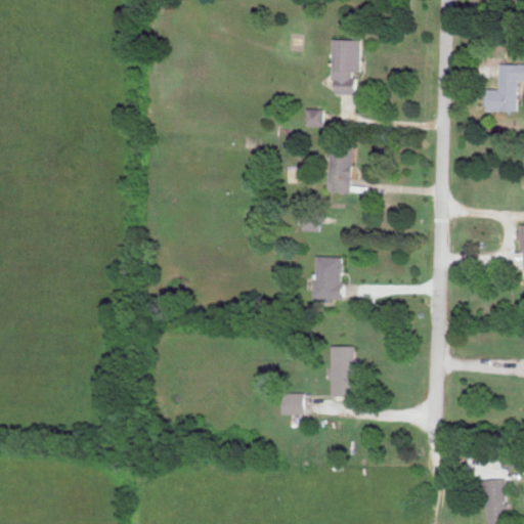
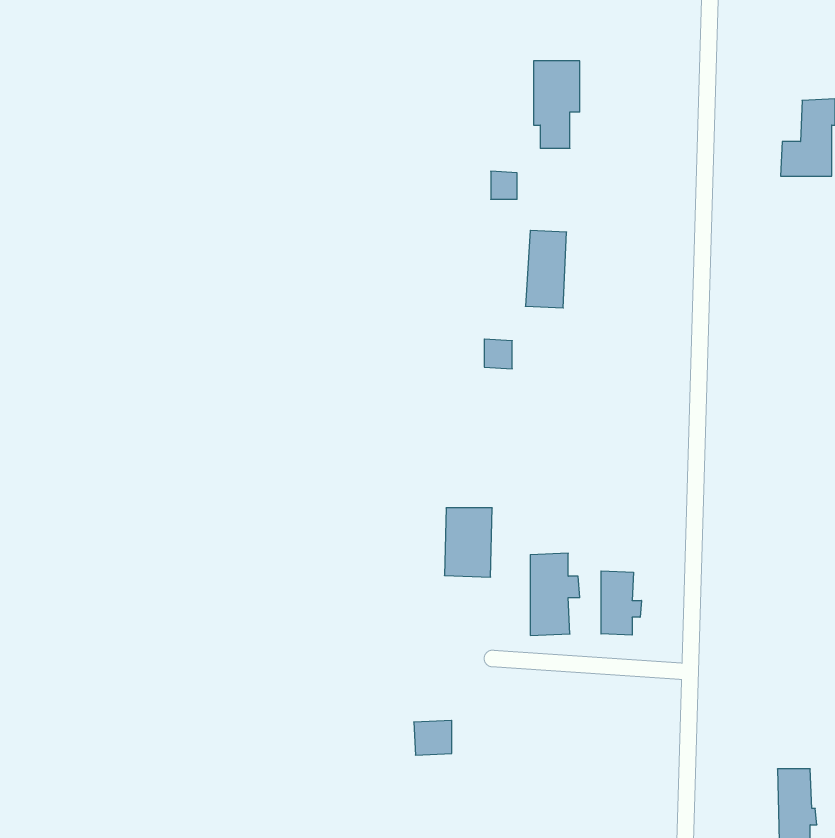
building: [312,257,342,300] -> [444,508,492,577]
building: none -> [601,571,641,635]
building: [279,393,303,414] -> [414,720,452,755]

